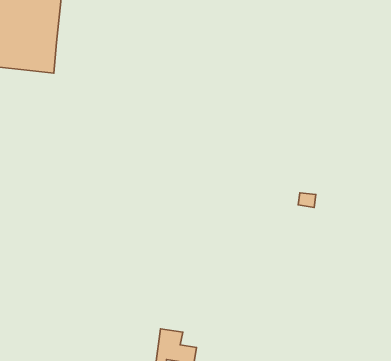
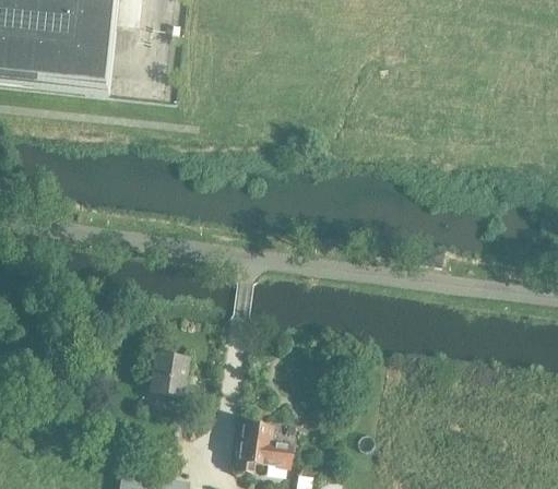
building: none -> [152,353,198,395]

